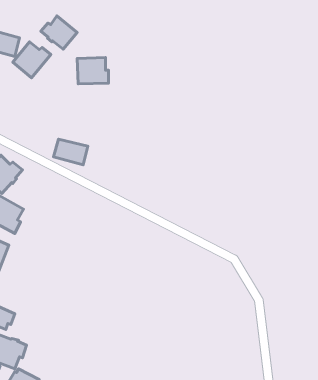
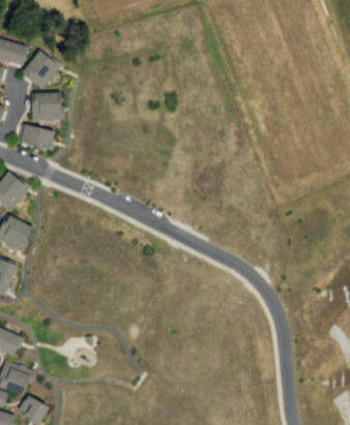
building: [41,16,77,49] -> none
building: [77,58,108,84] -> [31,92,64,120]
building: [54,139,88,165] -> [19,124,55,151]

